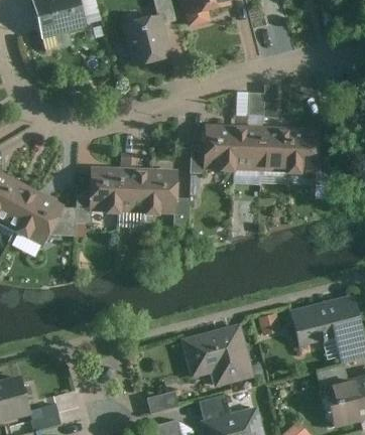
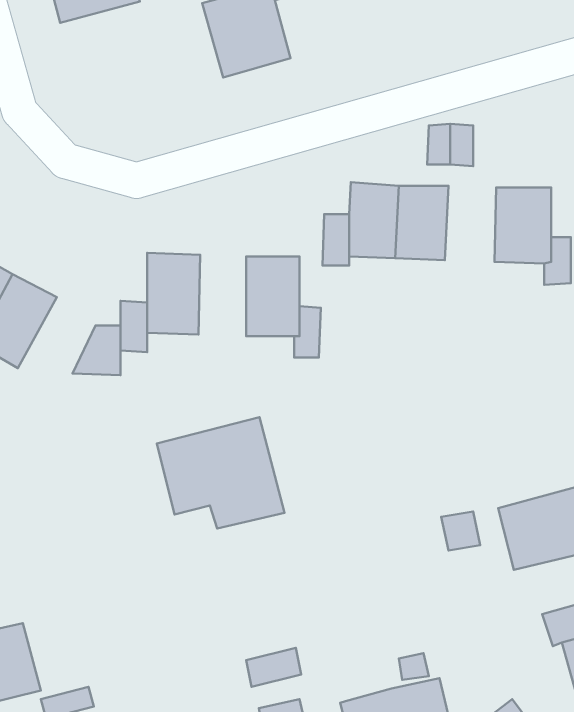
building: [260,128,289,171] -> none
building: [120,167,147,213] -> none
building: [17,191,64,245] -> none
building: [181,323,254,387] -> [157,417,284,529]
building: [200,396,230,421] -> none

